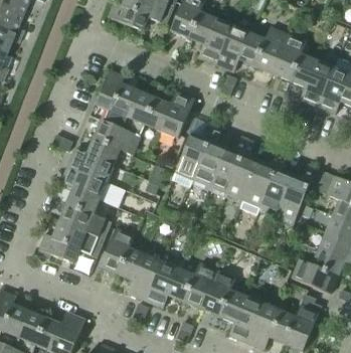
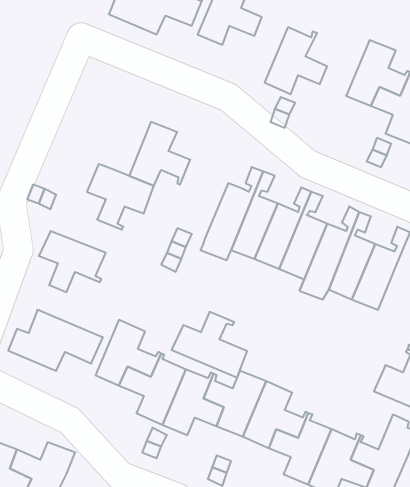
building: [187,14,232,63] -> none
building: [244,26,289,72] -> none
building: [96,70,138,128] -> none
building: [150,92,194,138] -> none
building: [68,139,118,181] -> none
building: [59,194,112,239] -> [172,312,247,377]

